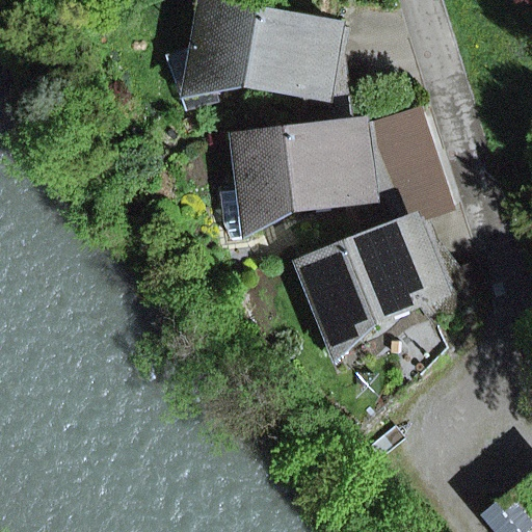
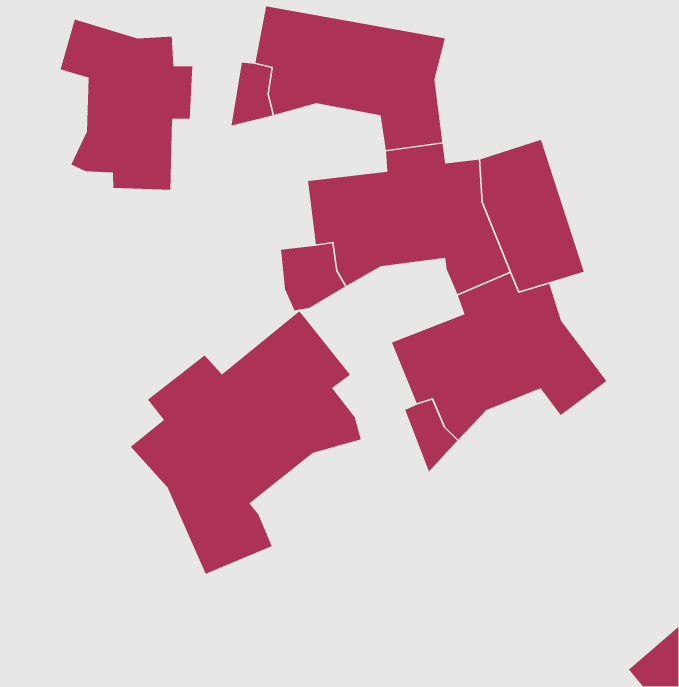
building: none -> [59,18,193,190]
building: none -> [130,310,362,575]

